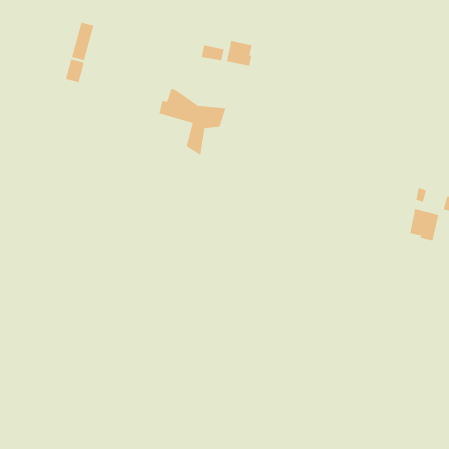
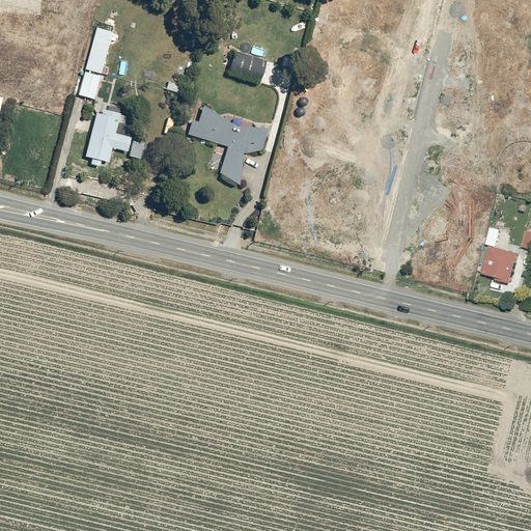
building: [227,40,252,67] -> none
building: none -> [88,114,131,156]

